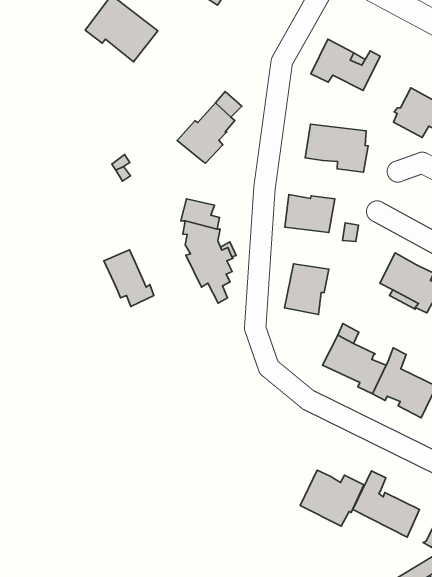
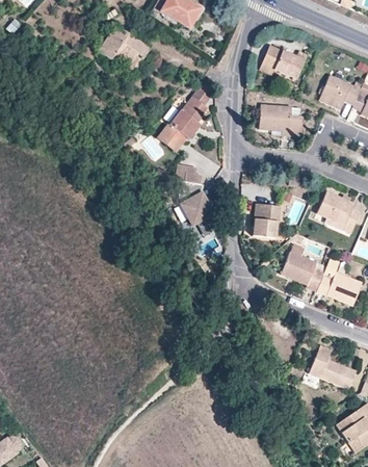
building: none -> [158,123,187,150]
building: [285,194,335,233] -> none
building: [104,250,154,307] -> none
building: [300,470,364,526] -> none

